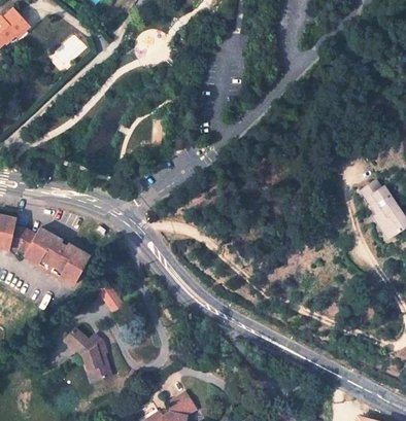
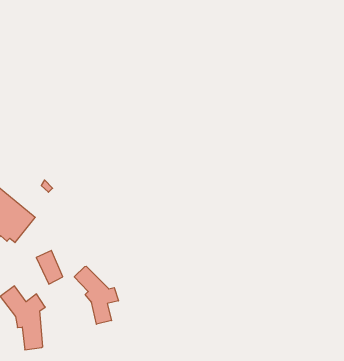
building: none -> [74,266,118,324]

